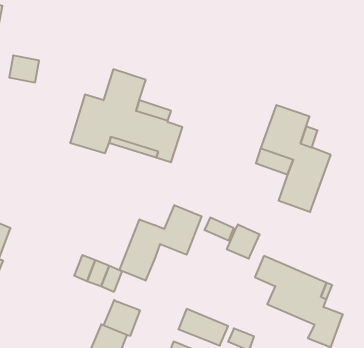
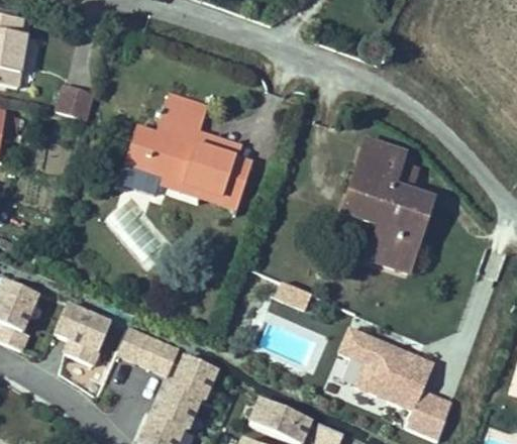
building: [120,205,202,281] -> none
building: [227,224,260,259] -> none
building: none -> [56,305,111,364]
building: none -> [171,354,216,399]

